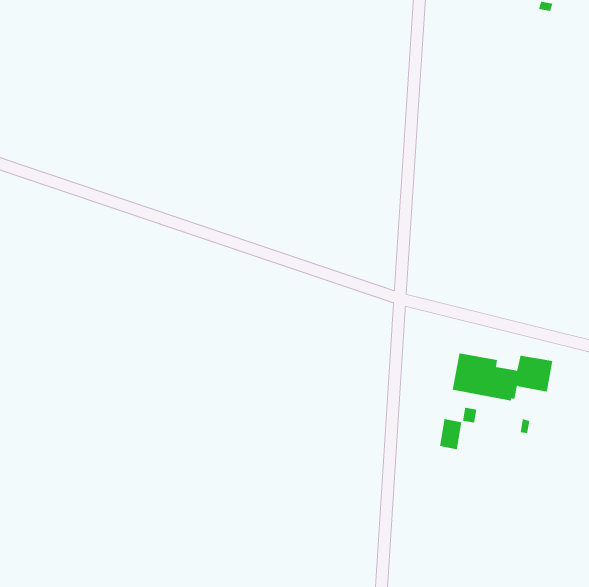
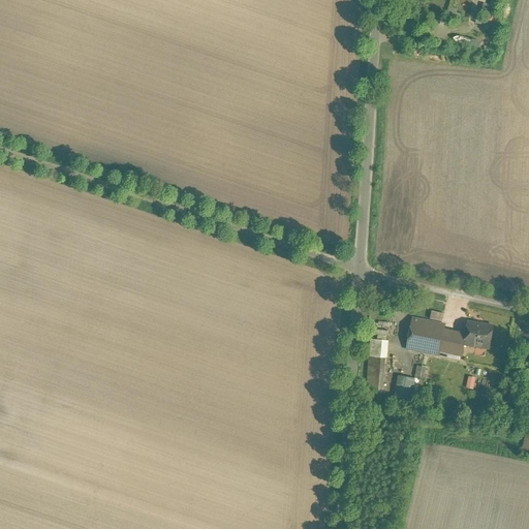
building: none -> [365,339,387,393]

